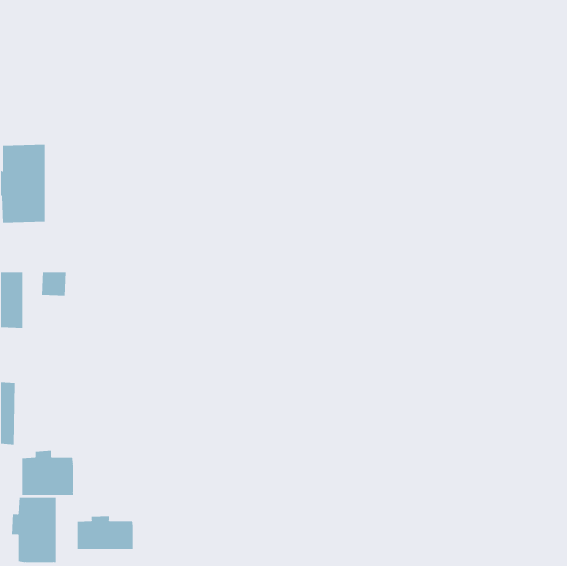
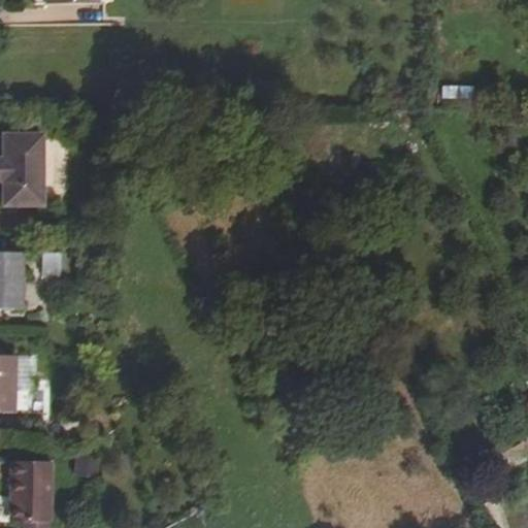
building: [22,450,73,496] -> none
building: [77,515,133,550] -> none

